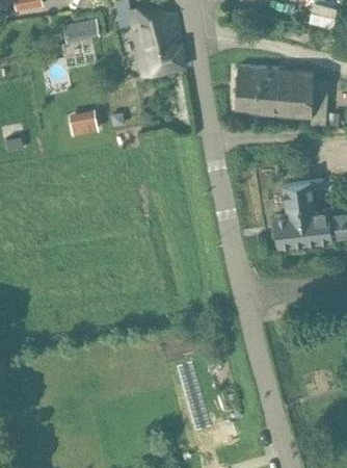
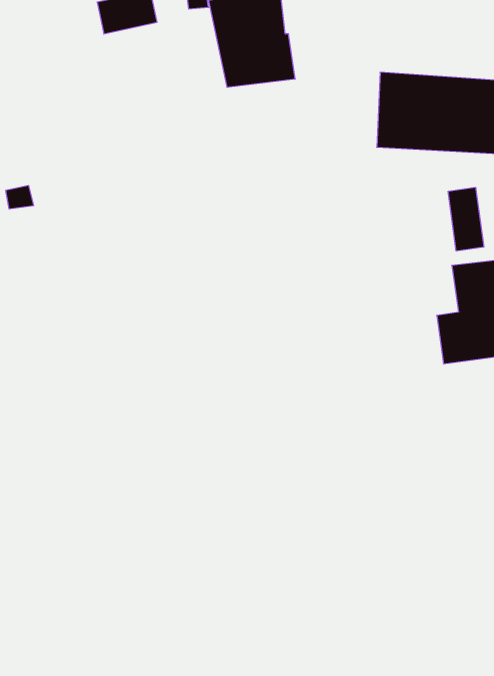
building: [69,110,99,136] -> none
building: none -> [448,187,484,251]

